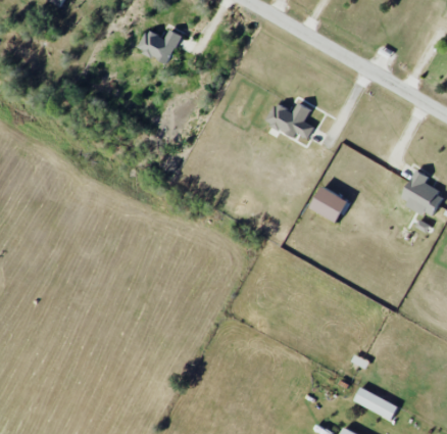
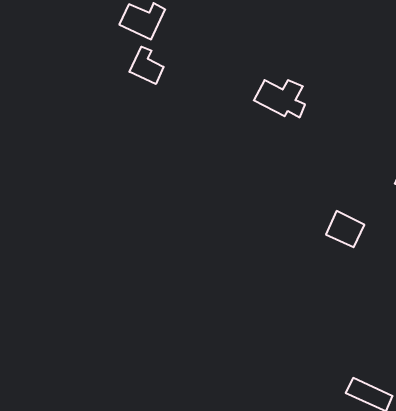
building: none -> [129,47,164,84]
building: [310,187,347,222] -> [326,211,364,247]

